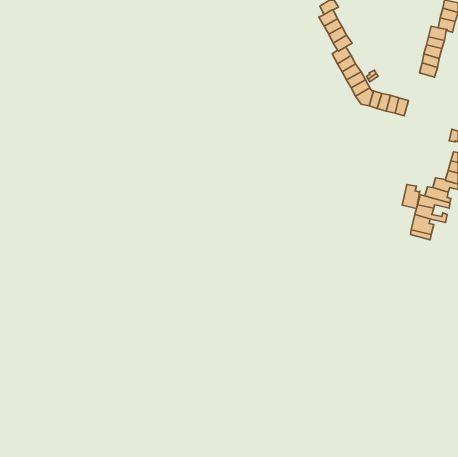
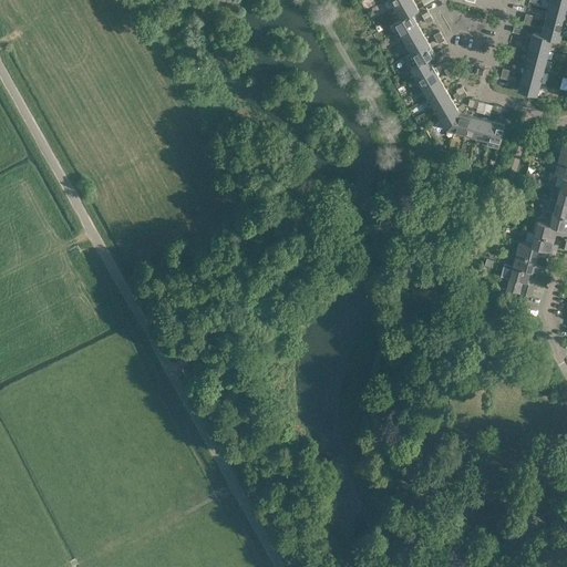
building: [402,185,420,208] -> none

